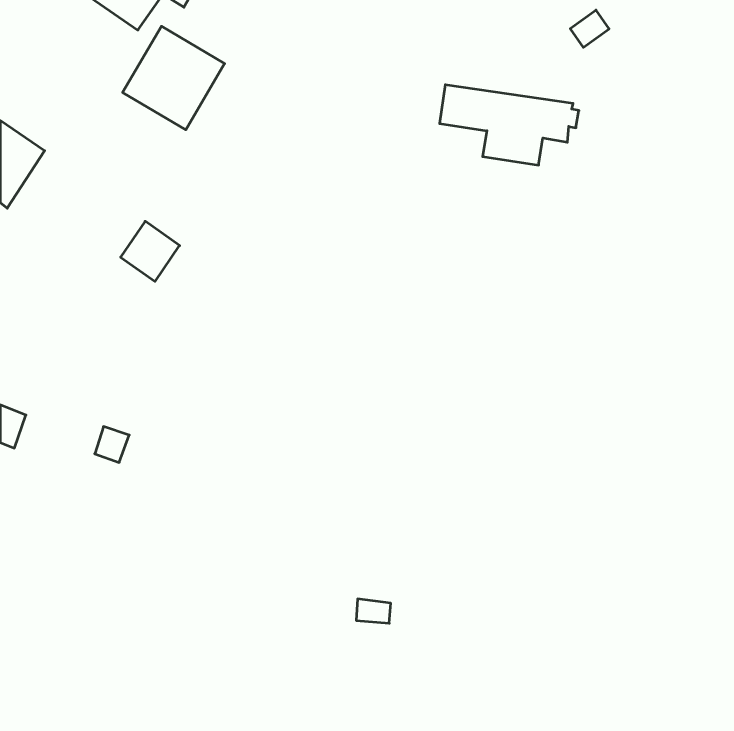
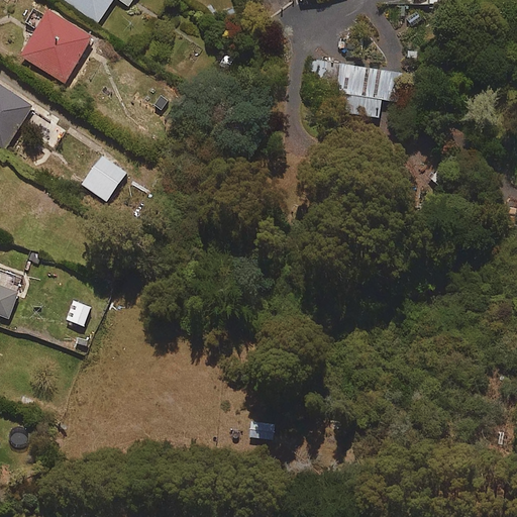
building: [123,26,225,130] -> [20,9,92,82]

